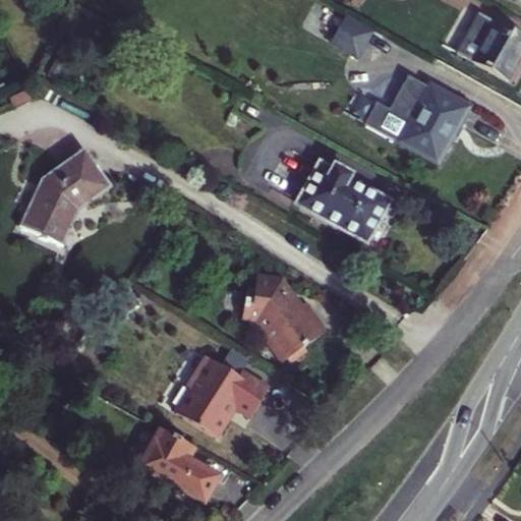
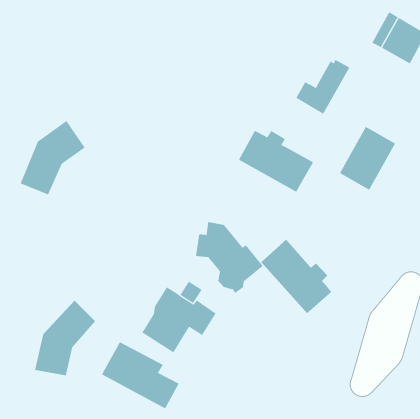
building: [332,16,371,55] -> none
building: [401,83,471,163] -> [339,126,396,190]
building: none -> [261,239,332,314]
building: none -> [34,300,96,376]

